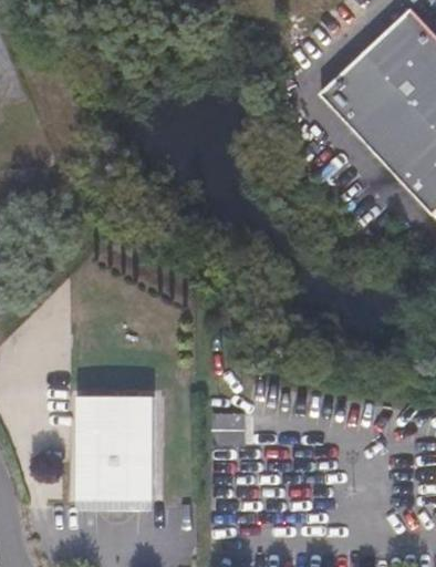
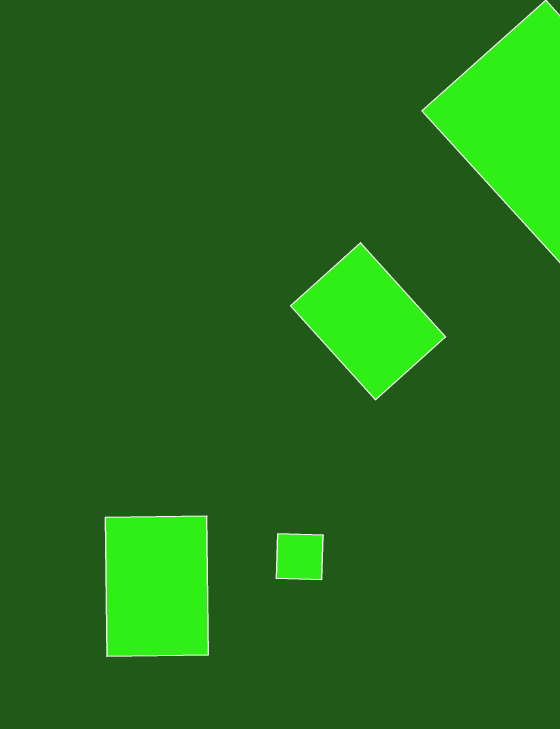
building: none -> [291,243,446,400]

